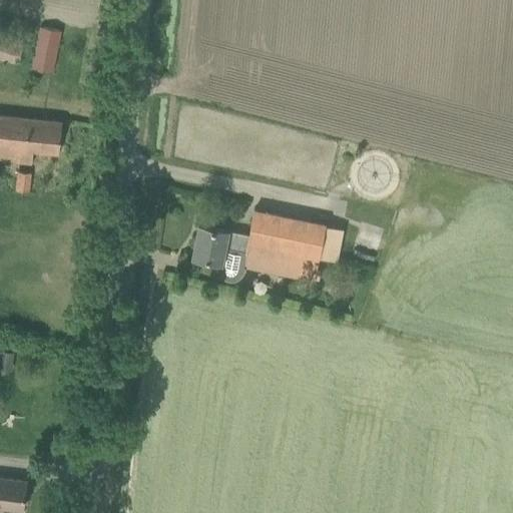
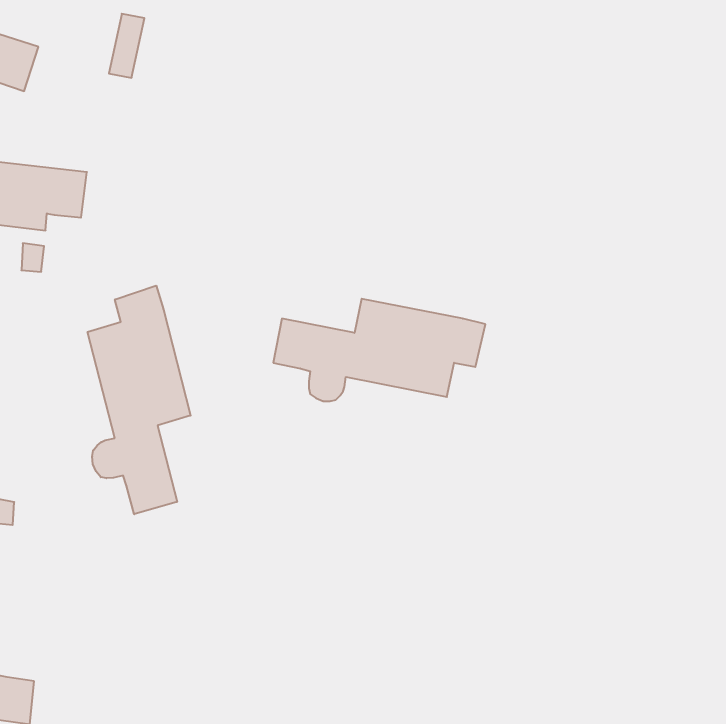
building: [33,28,58,73] -> [109,14,144,78]
building: none -> [88,286,191,514]

